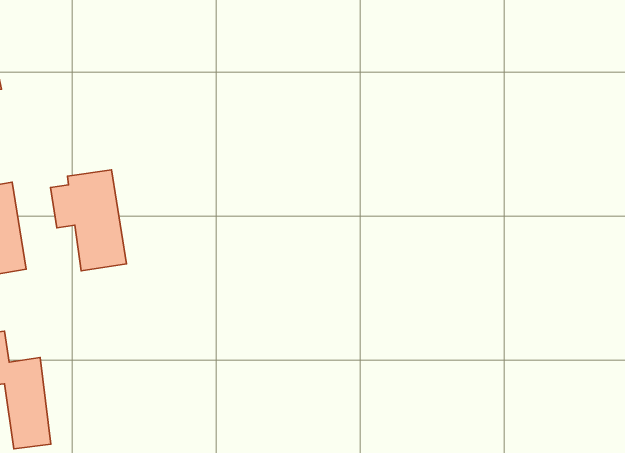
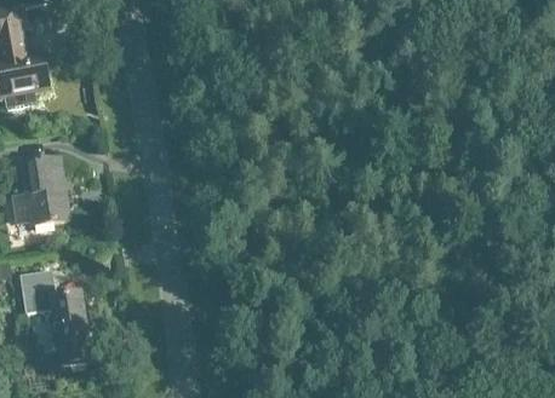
building: [51,170,127,271] -> none

